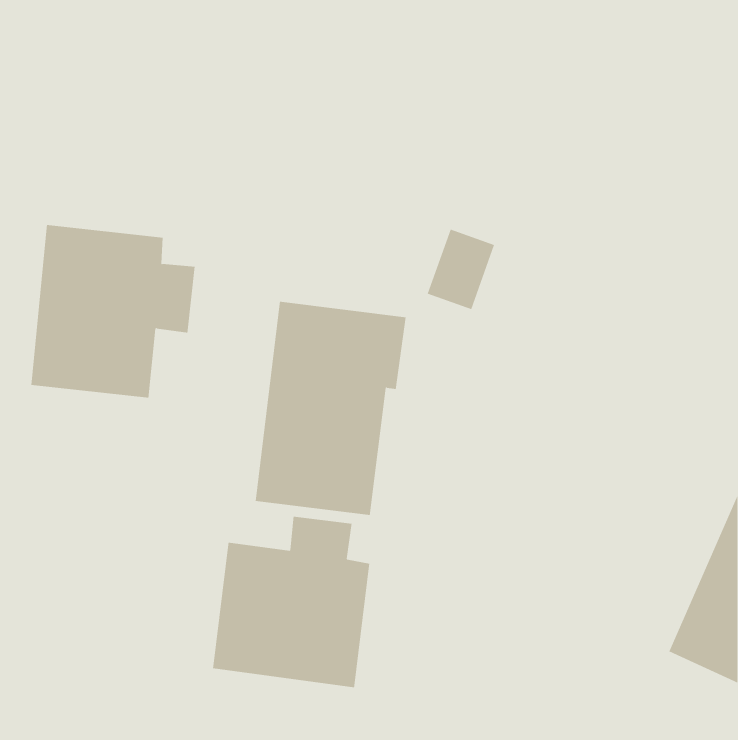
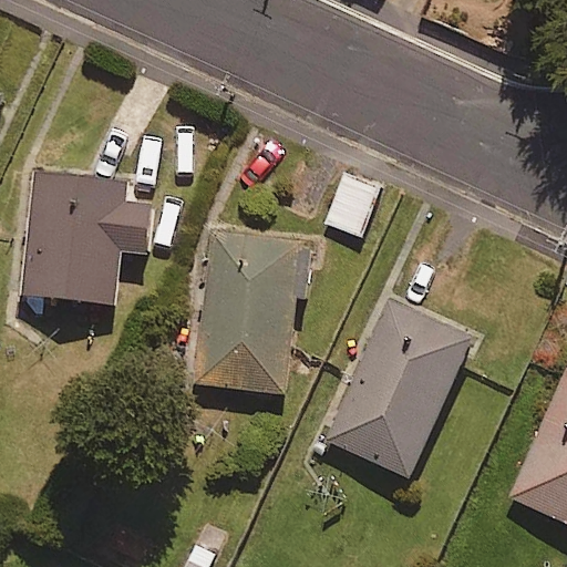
building: none -> [327,302,471,477]
building: [212,516,370,688] -> none

